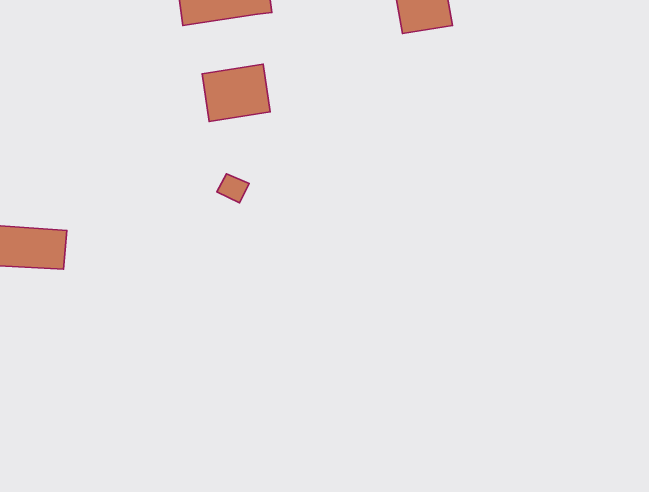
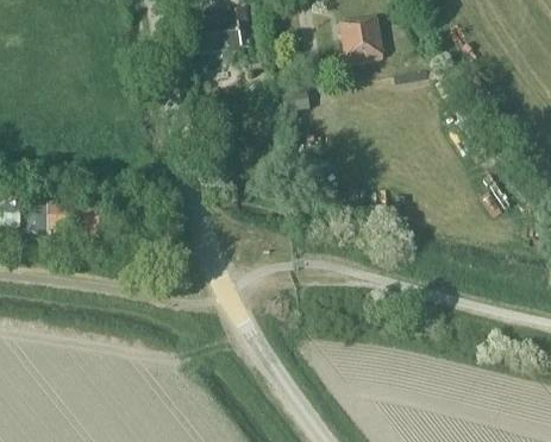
building: [202,64,270,121] -> none

